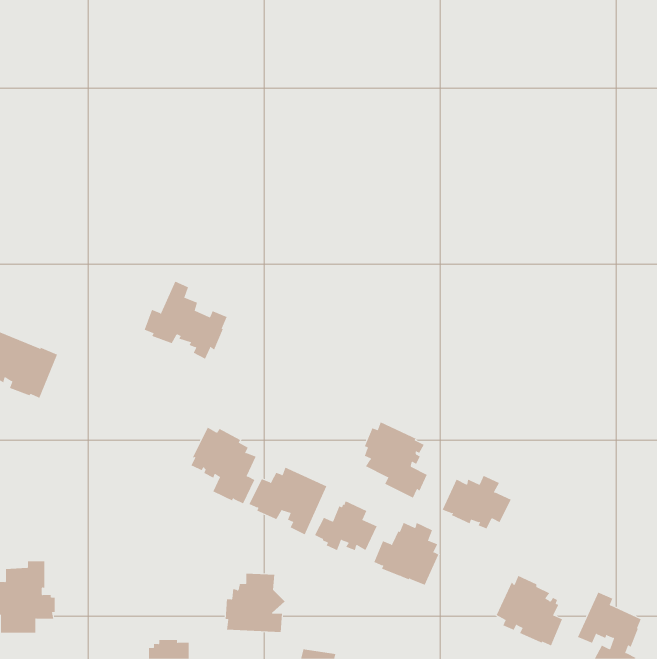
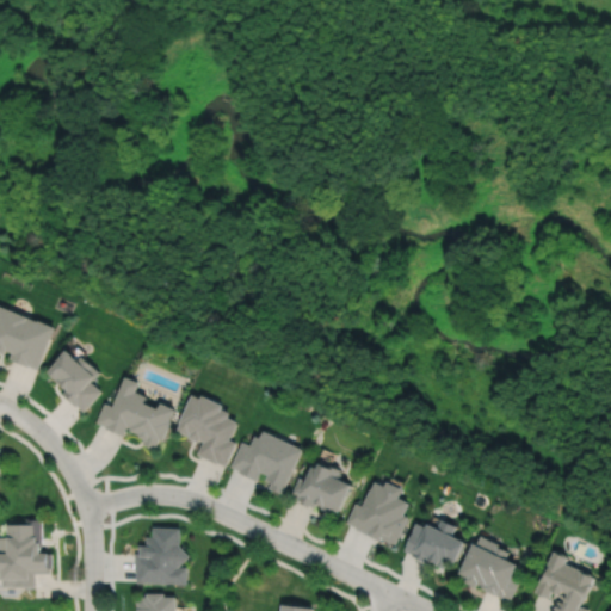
building: [144,281,228,359] -> [97,377,174,450]
building: none -> [48,351,101,412]
building: [364,421,428,498] -> none
building: [442,475,511,529] -> [402,516,467,566]
building: [225,573,285,632] -> [134,529,190,584]

